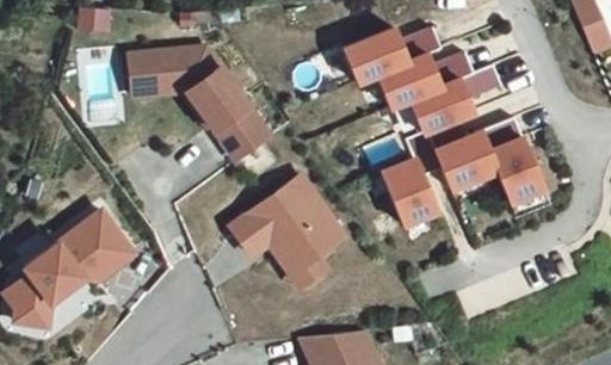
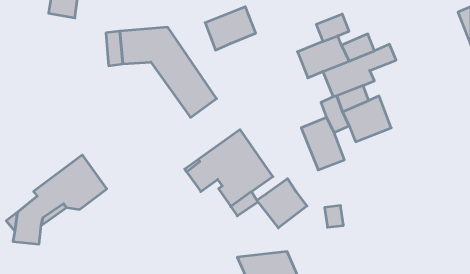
building: [346,30,411,85] -> [205,7,256,50]
building: [482,119,545,204] -> none
building: none -> [257,179,307,228]

